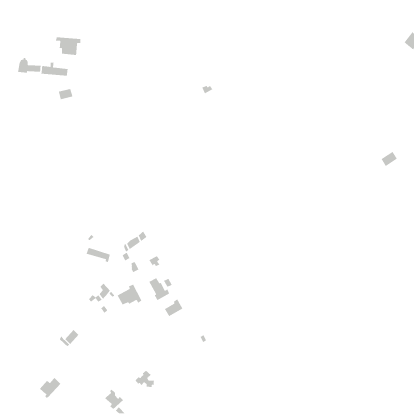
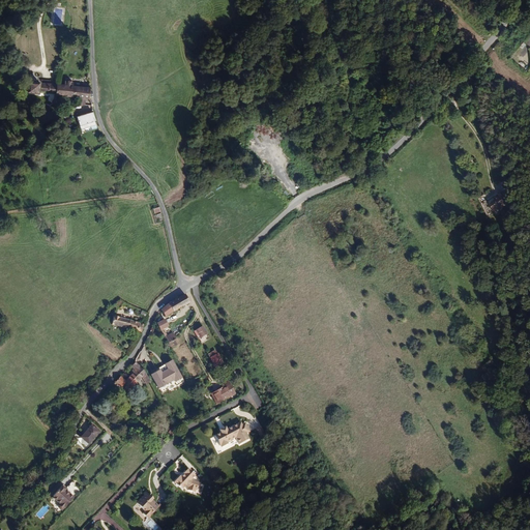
building: [55,36,81,56] -> none
building: [148,277,170,301] -> none
building: none -> [214,422,251,448]

